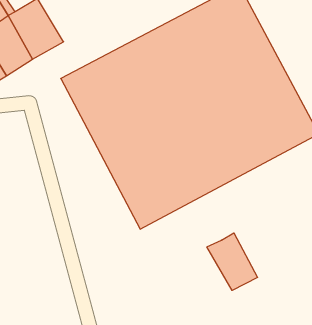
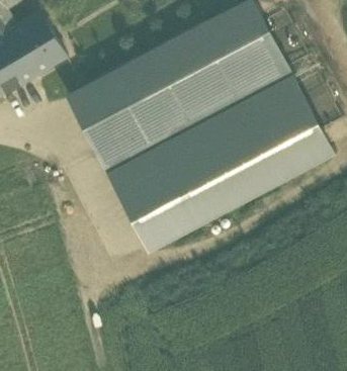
building: [207,233,258,290] -> none

